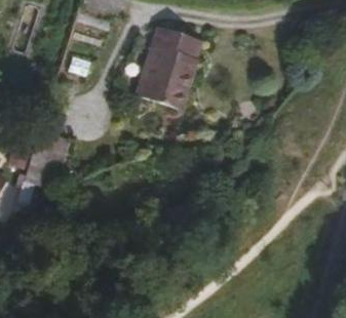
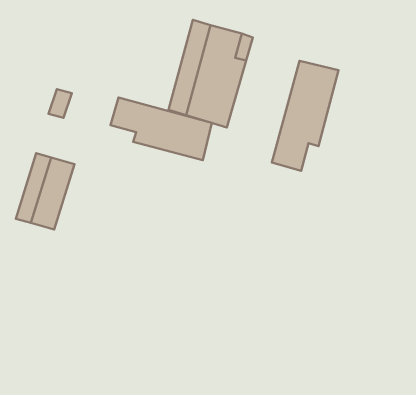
building: none -> [272,61,339,171]
building: none -> [111,97,212,160]

